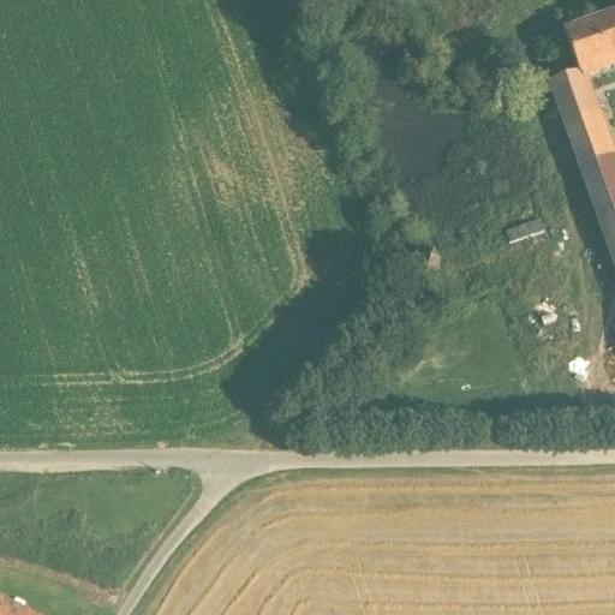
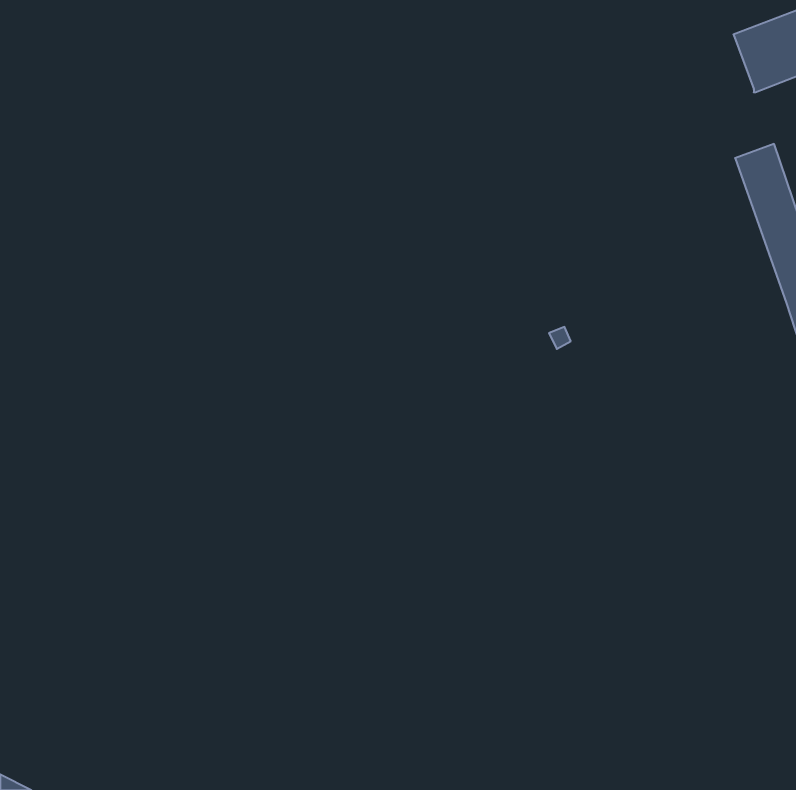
building: [551,68,597,121] -> none

